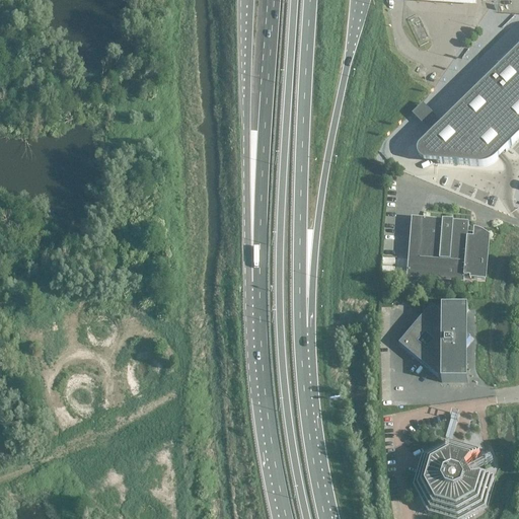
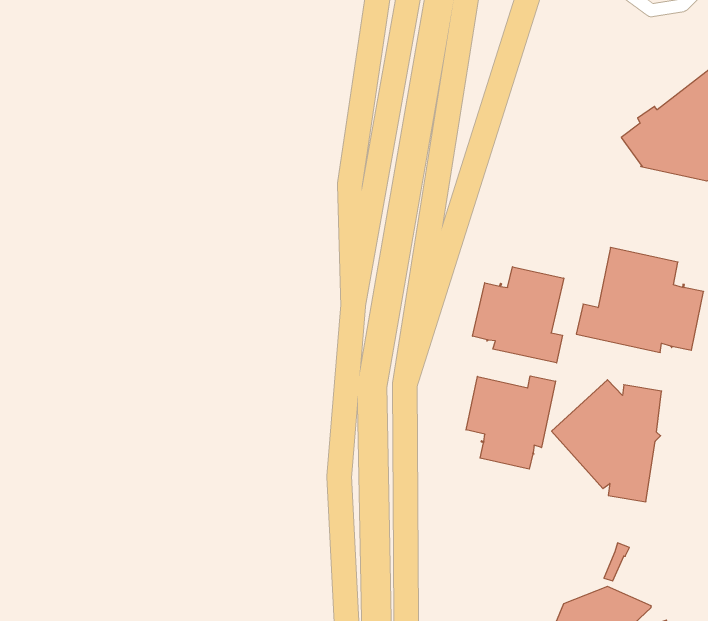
building: none -> [473,267,564,363]
building: none -> [466,376,556,469]

